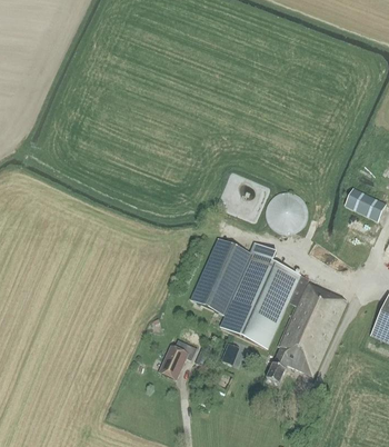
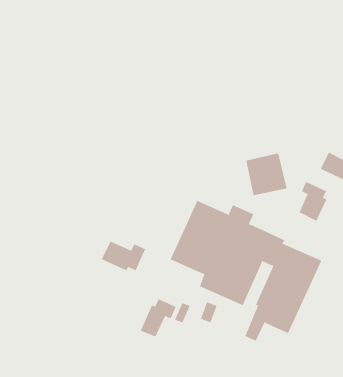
building: none -> [299,181,327,222]
building: none -> [101,241,146,271]

